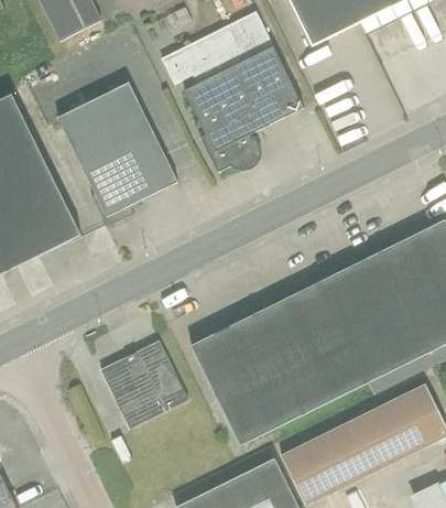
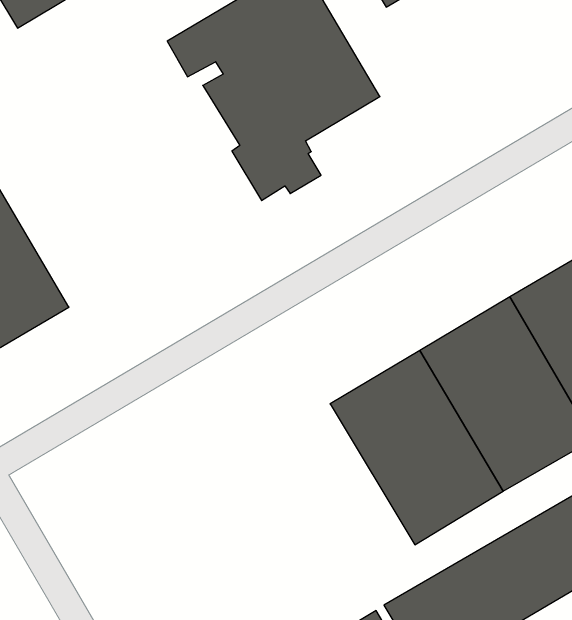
building: [58,82,178,227] -> none
building: [192,314,305,445] -> none
building: [100,339,189,429] -> none

